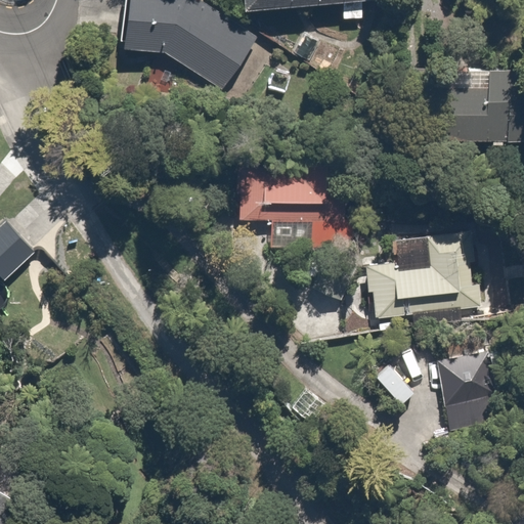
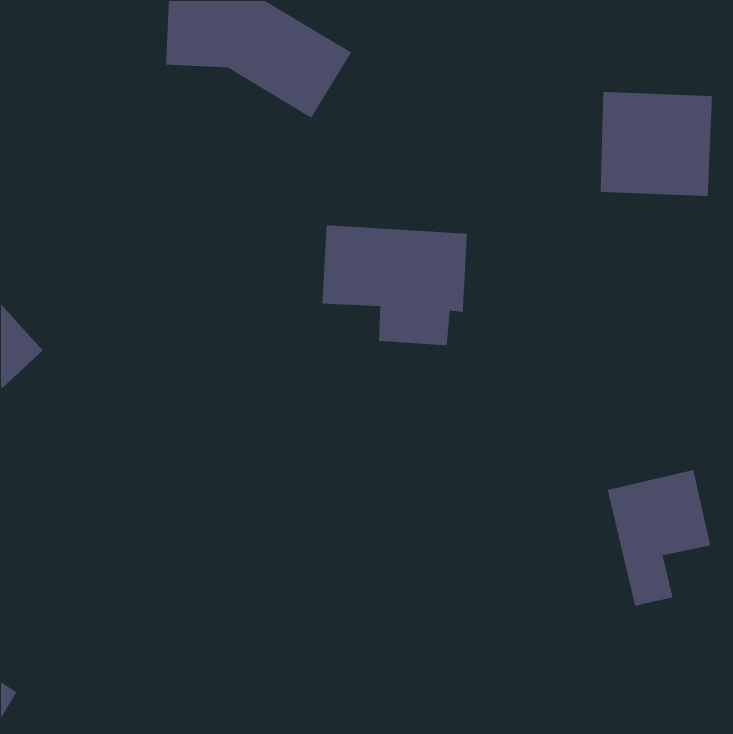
building: [368,230,482,319] -> none

